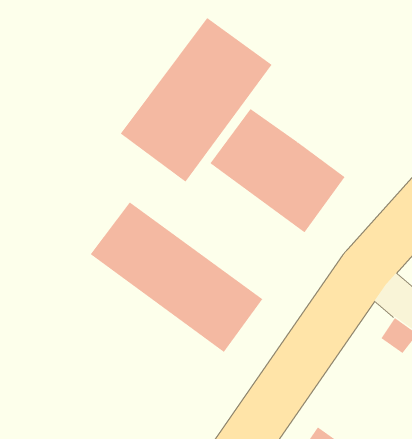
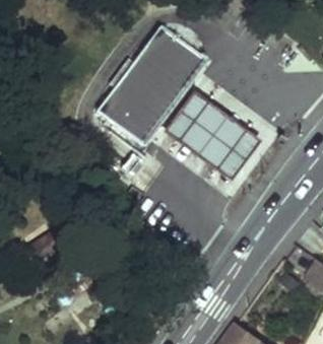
building: [90,202,263,353] -> none

